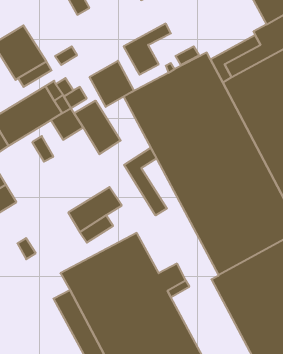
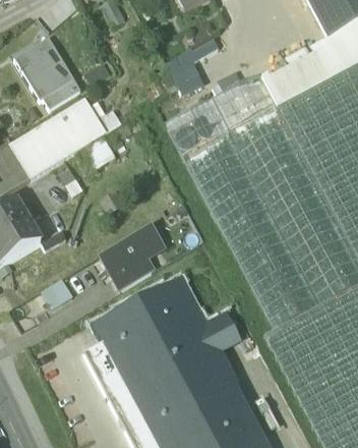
building: [90,61,134,107] -> none
building: [74,101,121,154] -> none
building: [124,148,167,215] -> none

